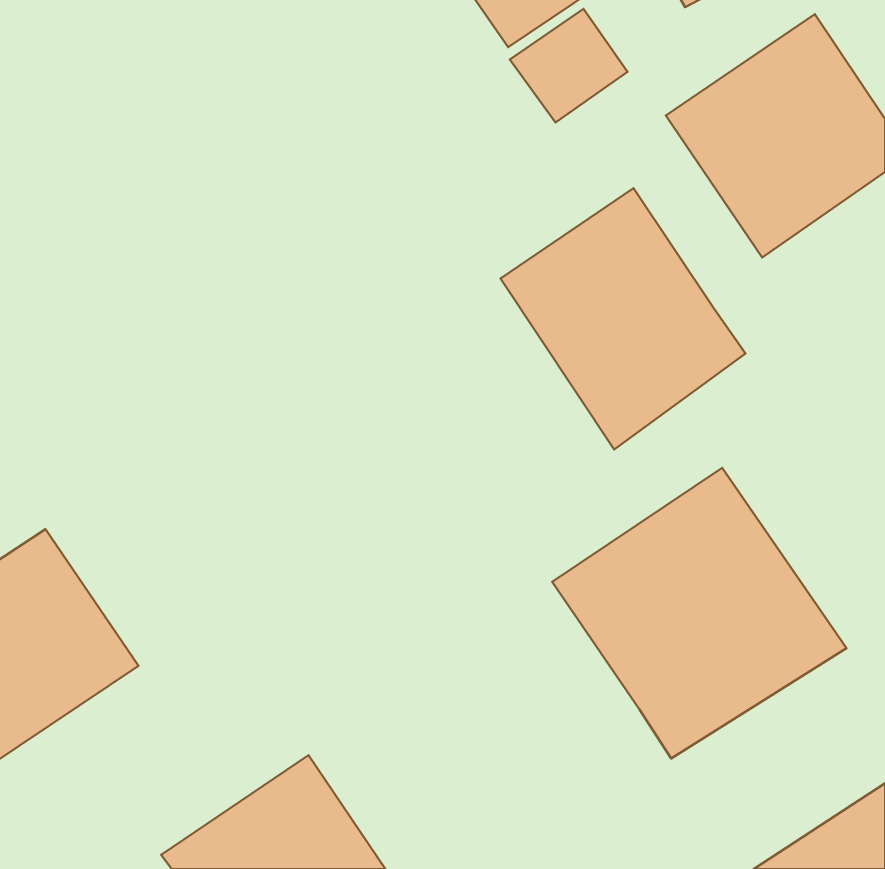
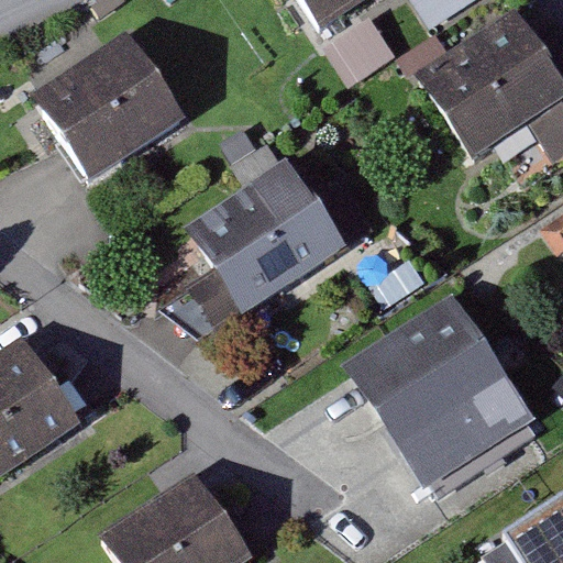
building: none -> [32,31,188,183]
building: [501,188,745,449] -> none
building: none -> [178,159,349,322]

